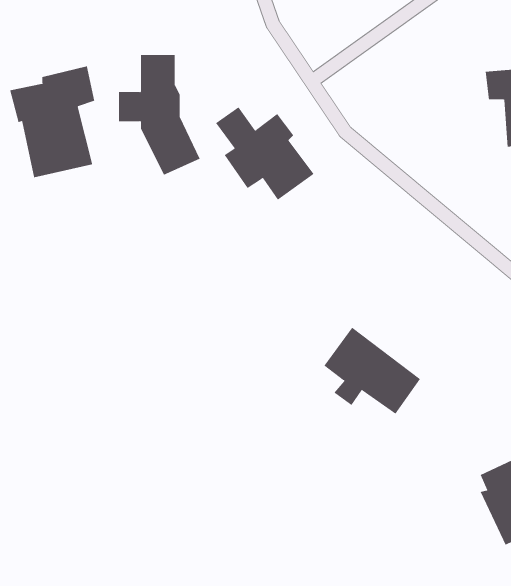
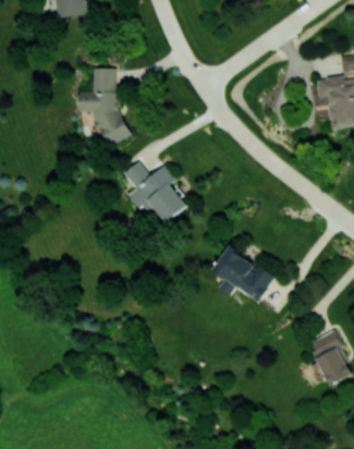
building: [9,66,95,178] -> none
building: [215,106,315,201] -> [124,162,188,223]

